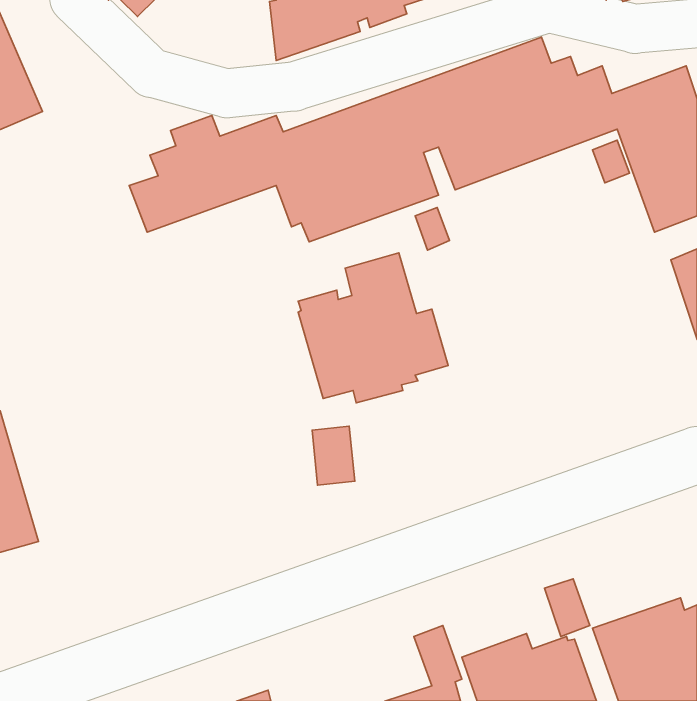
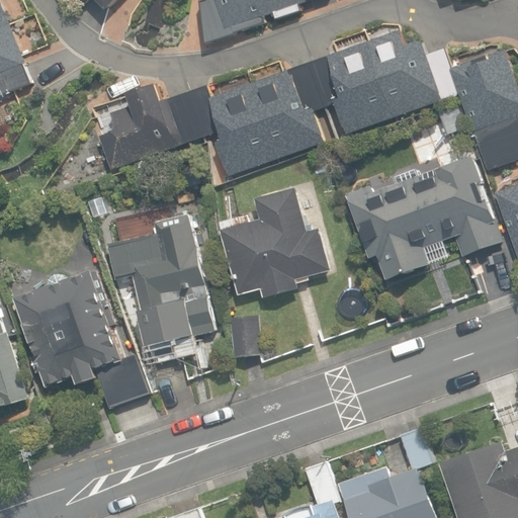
building: none -> [345,156,503,280]
building: none -> [107,214,213,358]
building: none -> [14,269,148,407]

